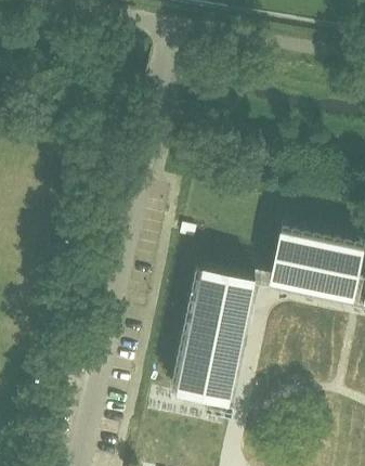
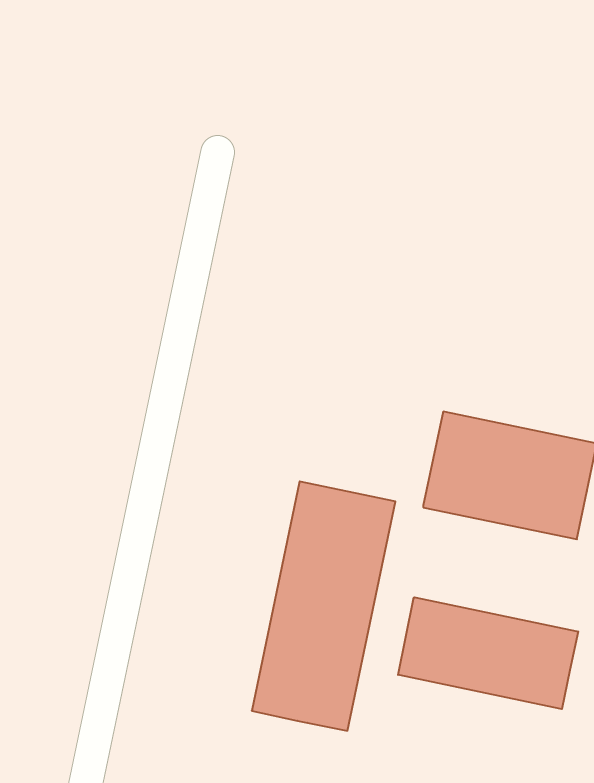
building: none -> [398,597,578,709]

